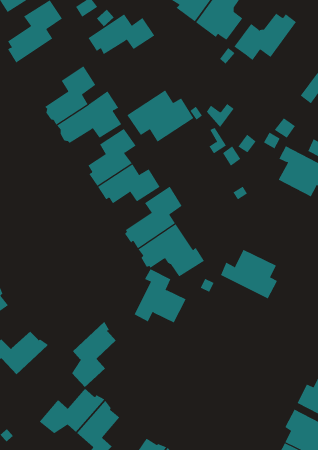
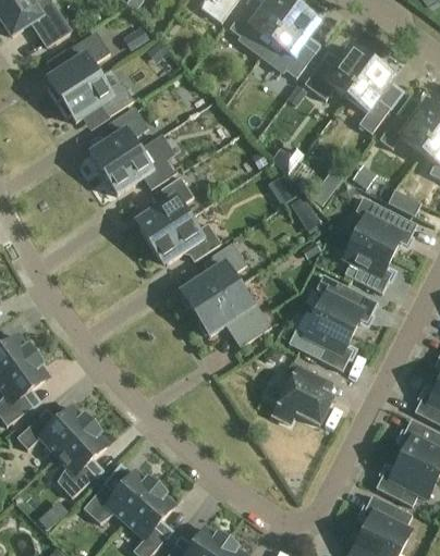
building: [87,13,155,55] -> [57,75,134,122]
building: none -> [346,57,393,133]
building: [126,90,194,143] -> none
building: none -> [343,235,393,293]
building: none -> [315,274,378,332]
building: [134,268,187,323] -> [273,361,333,423]
building: [71,321,116,388] -> [57,422,108,497]

